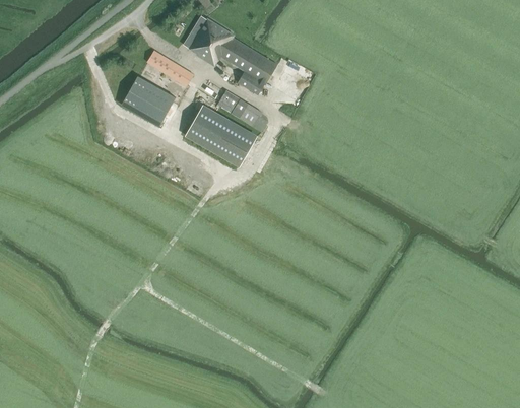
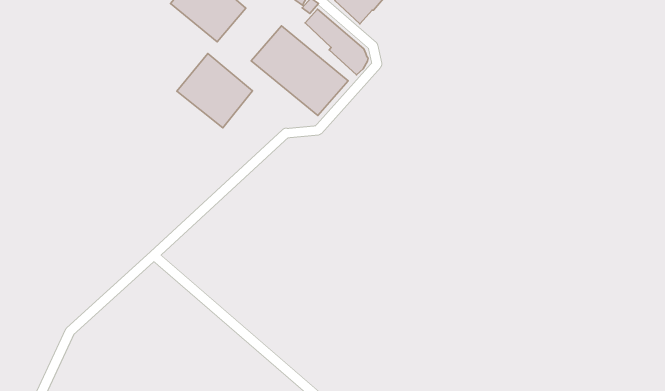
building: none -> [177,54,253,128]

